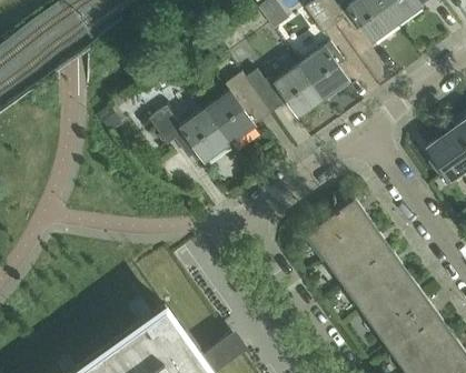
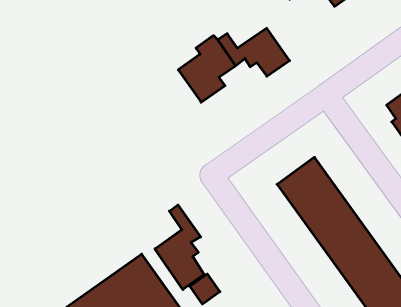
building: [299,41,348,99] -> none
building: [149,107,229,162] -> none
building: none -> [155,205,204,290]

